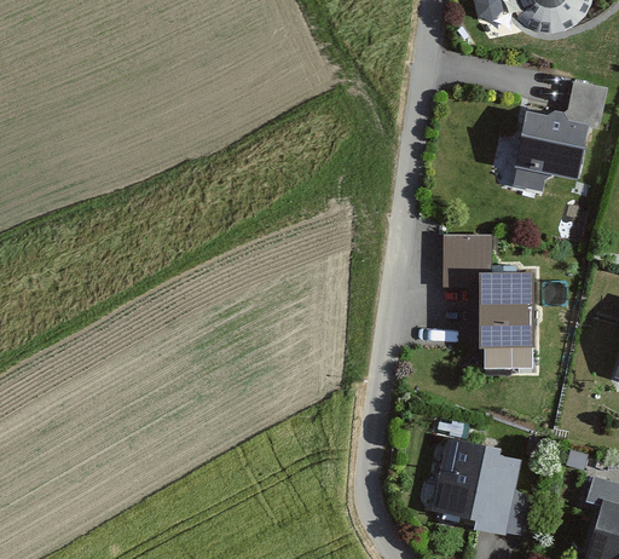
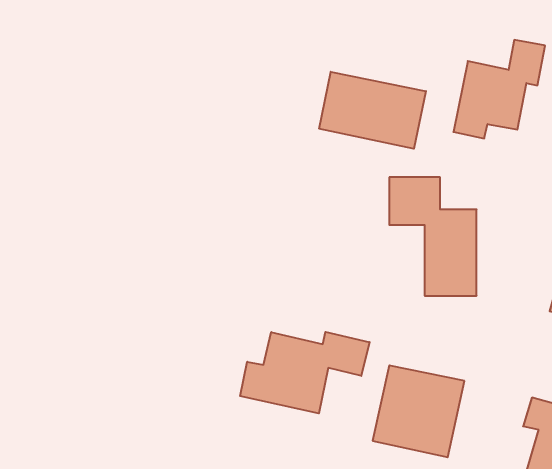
building: none -> [319,72,426,149]
building: none -> [240,332,370,413]

